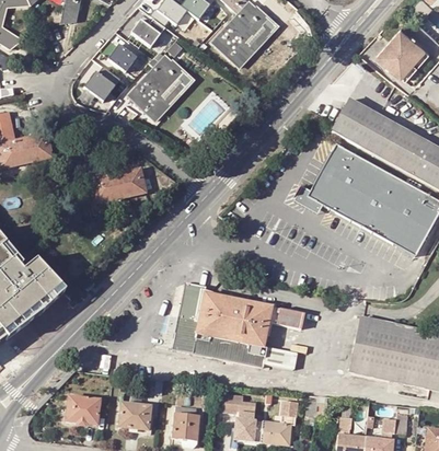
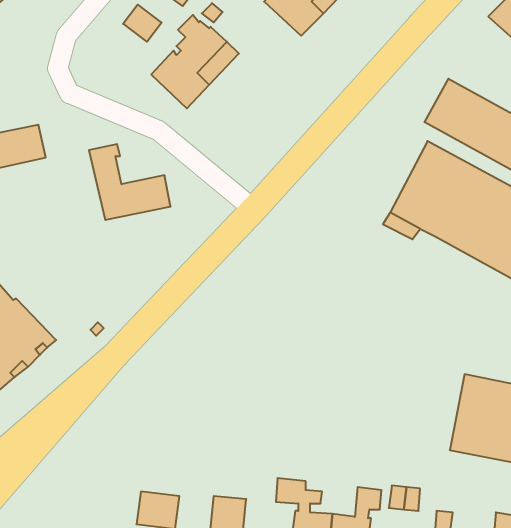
building: [84,66,120,101] -> none
building: [172,282,303,369] -> none
building: [66,395,100,425] -> none

